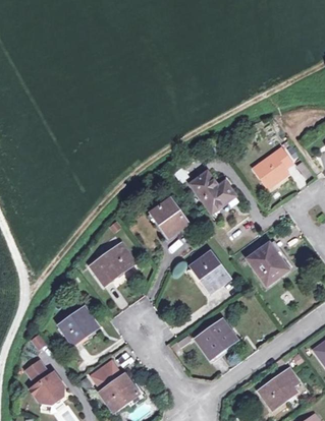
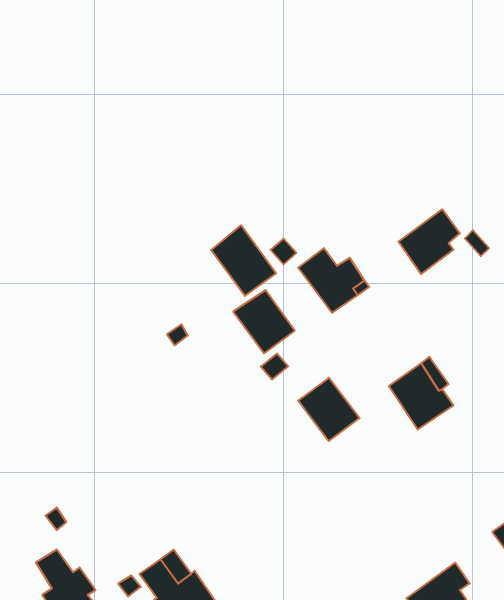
building: none -> [211,225,276,296]
building: [90,244,134,285] -> none
building: [59,308,99,345] -> none
building: [196,320,235,358] -> none

